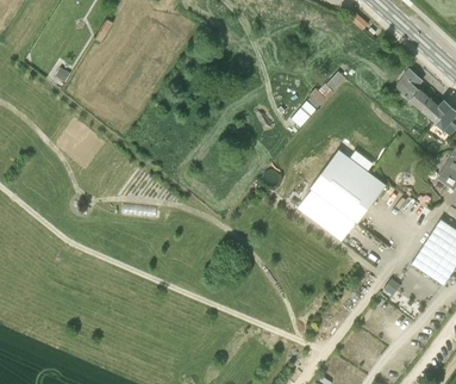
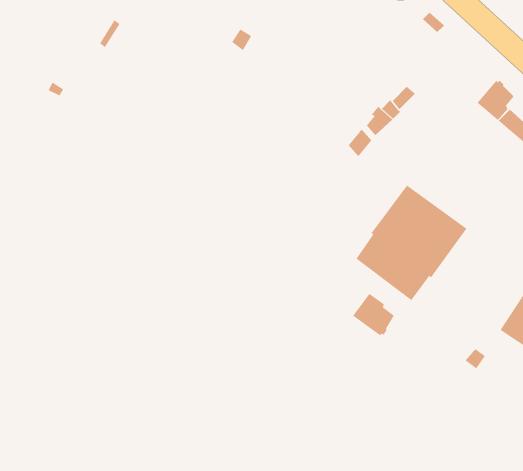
building: none -> [352,293,395,336]

